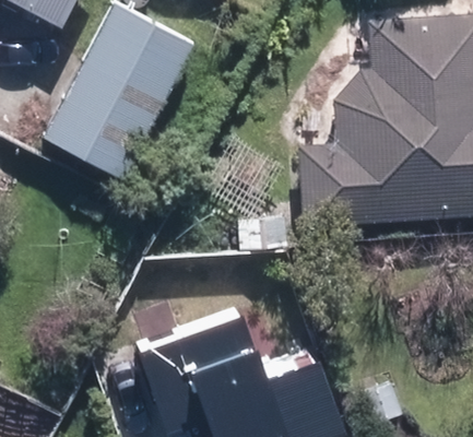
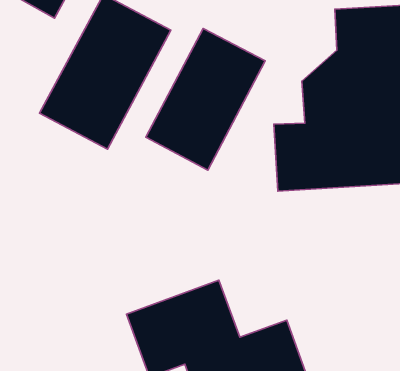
building: none -> [146,29,265,170]

